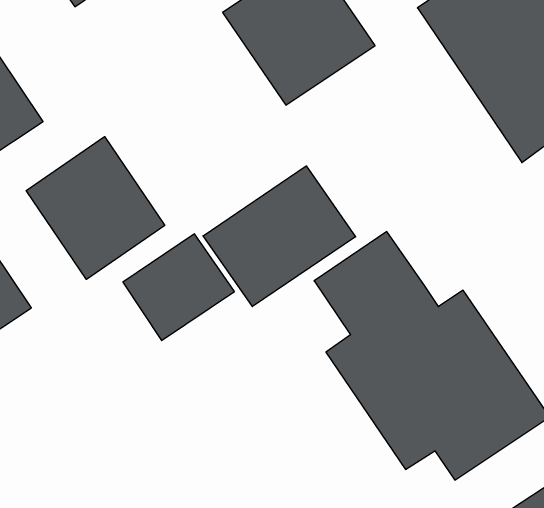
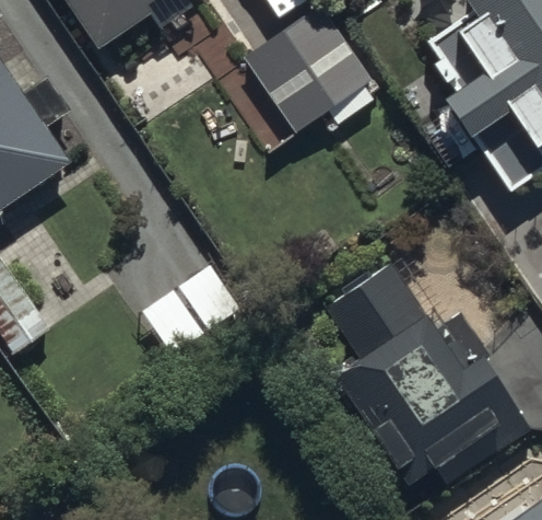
building: [26,137,165,279] -> none
building: [203,166,356,307] -> none

